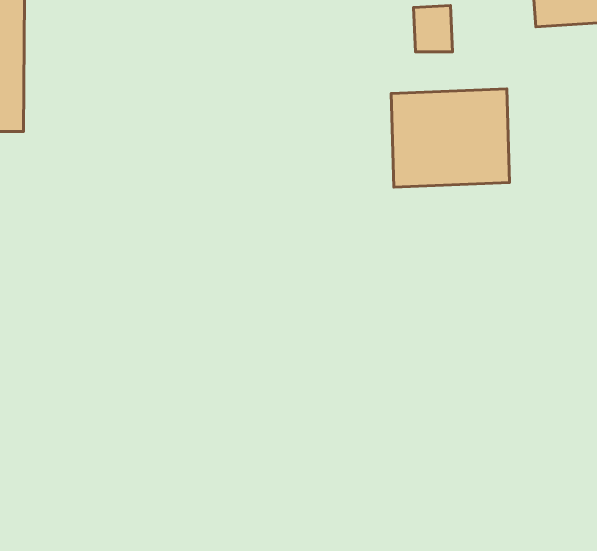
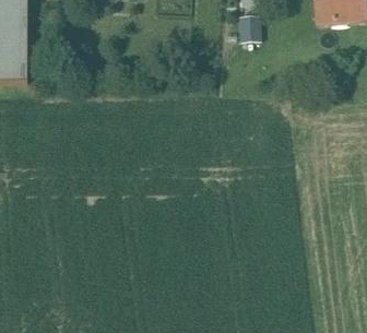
building: [391,89,510,187] -> none

